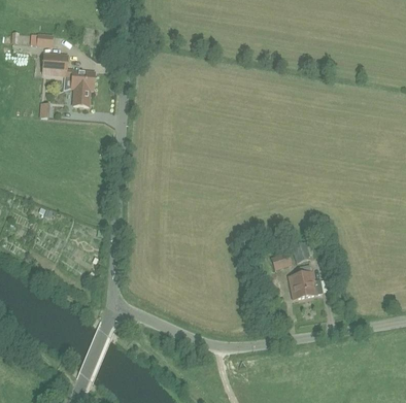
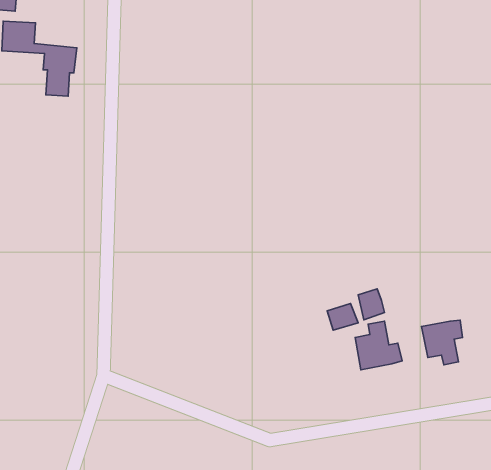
building: none -> [422,320,462,365]

